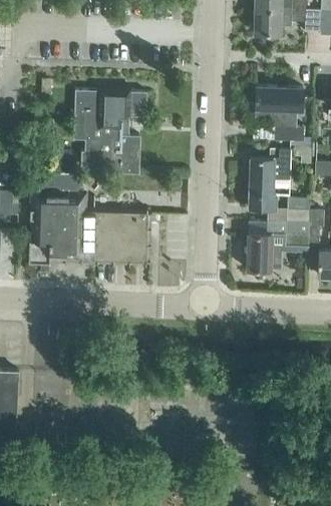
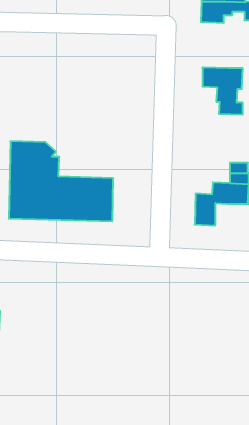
building: [73,89,147,174] -> none
building: [249,149,291,208] -> none

